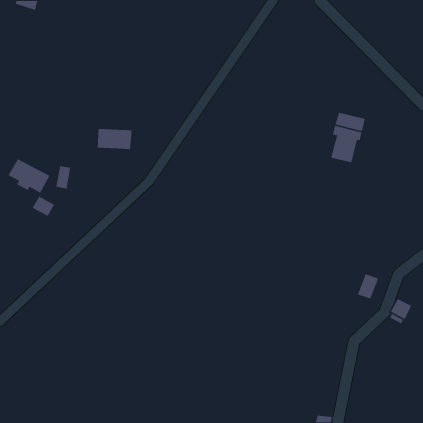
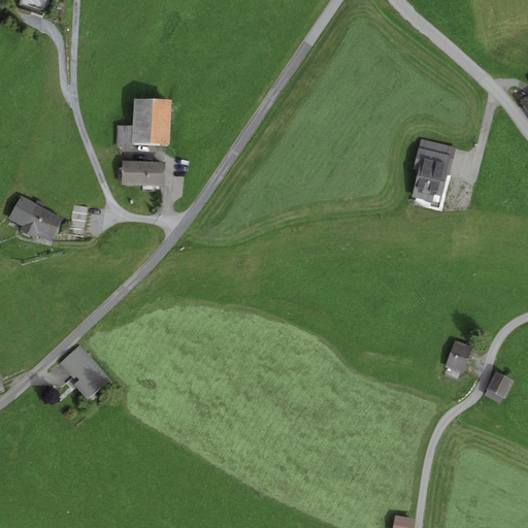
building: none -> [117,98,171,147]
building: [32,196,55,217] -> none
building: none -> [60,345,110,399]

